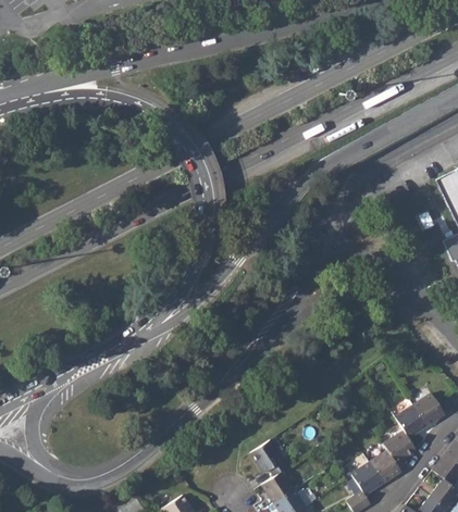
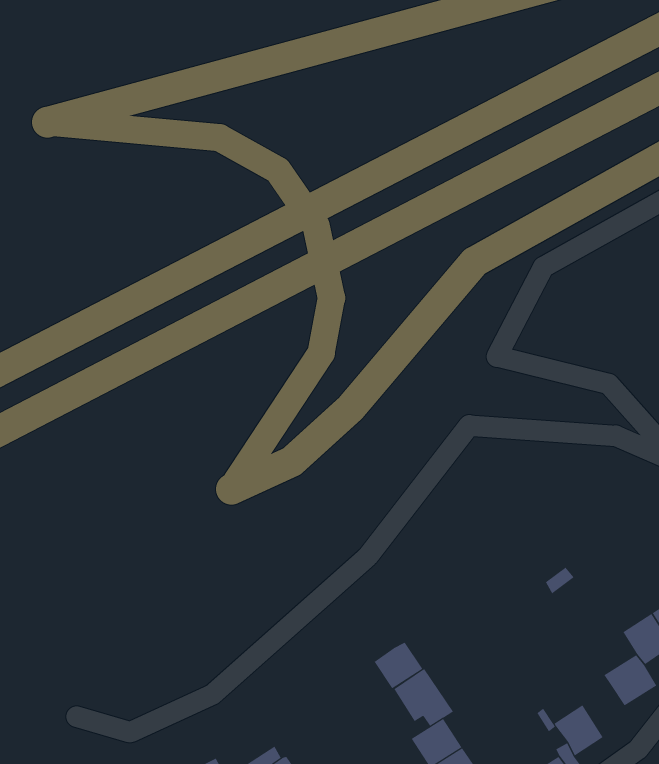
building: none -> [374,642,423,689]
building: [370,451,401,484] -> none

